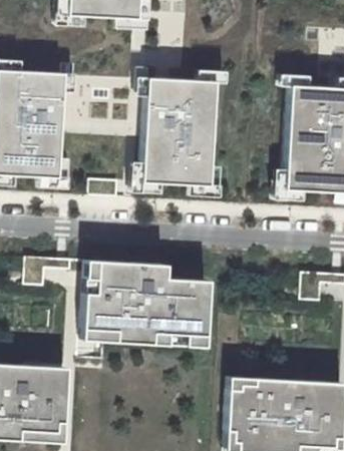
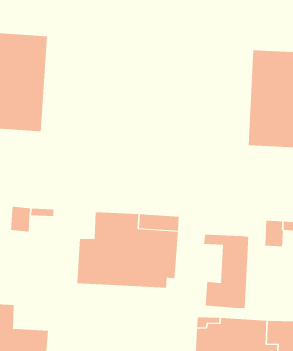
building: [143,79,215,185] -> none
building: [83,261,118,341] -> none
building: none -> [204,234,249,309]
building: [30,364,69,392] -> none

